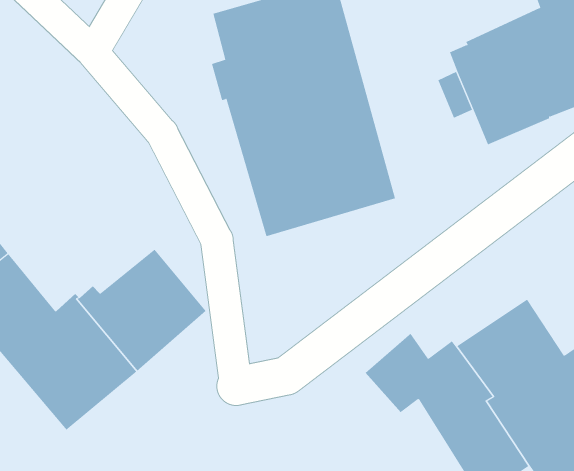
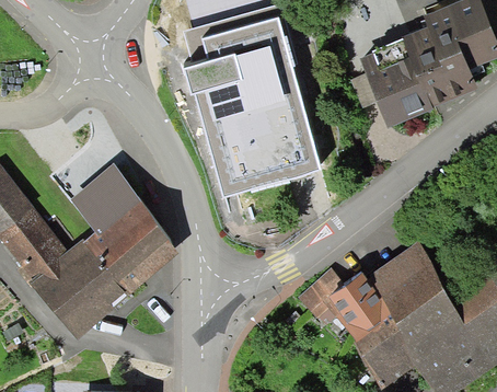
building: none -> [70,163,146,238]

